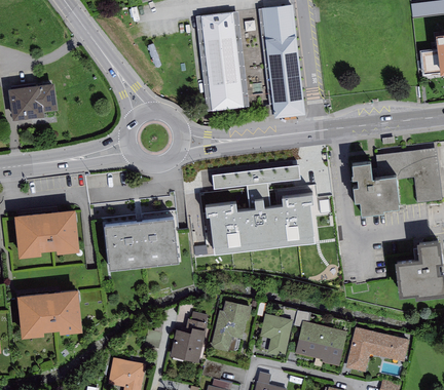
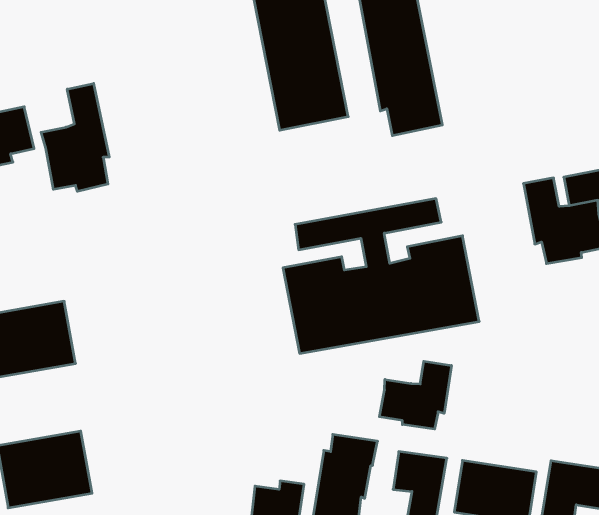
building: none -> [41,83,109,191]
building: [107,212,179,264] -> none
building: none -> [379,361,451,429]

